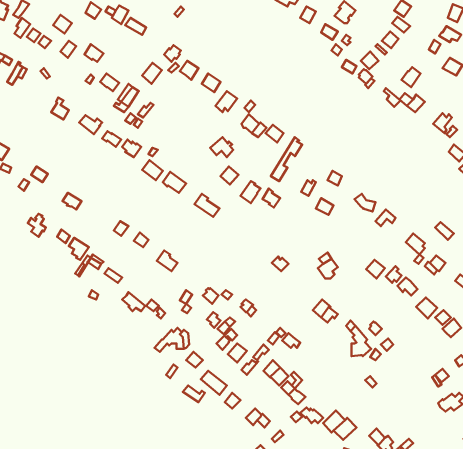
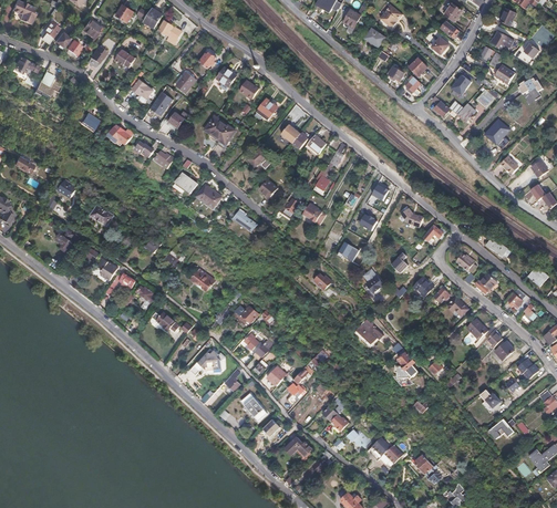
building: none -> [205,116,235,147]

